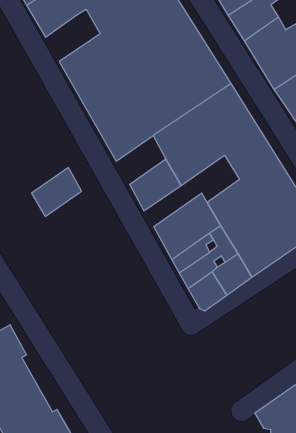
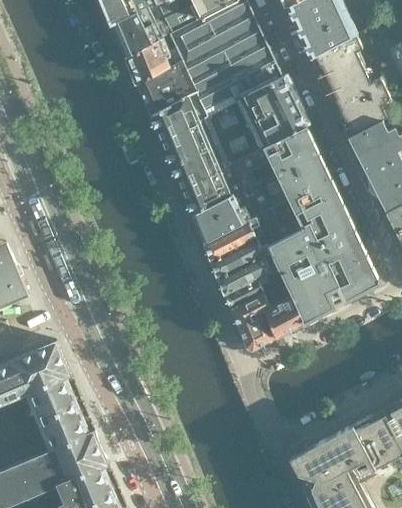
building: none -> [126,41,170,85]
building: none -> [204,198,303,261]
building: [32,168,81,216] -> [182,170,232,216]

